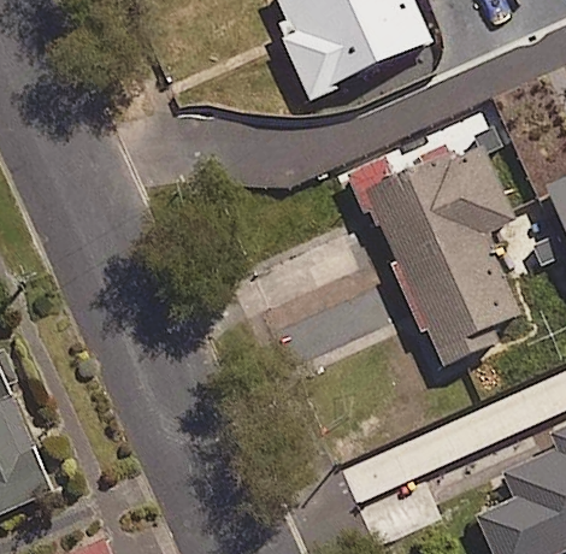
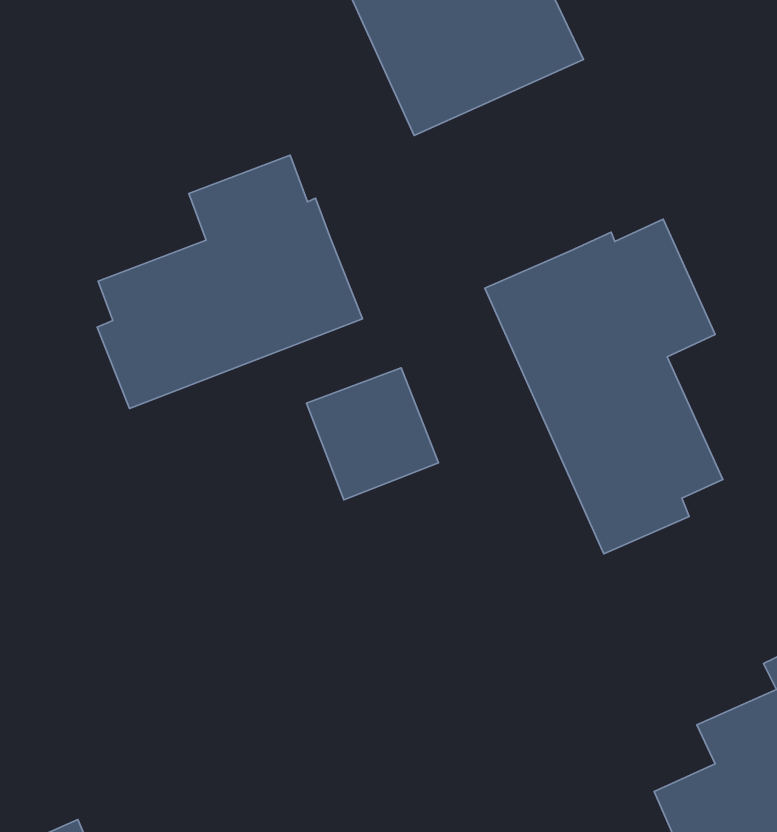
building: none -> [97,155,362,408]

